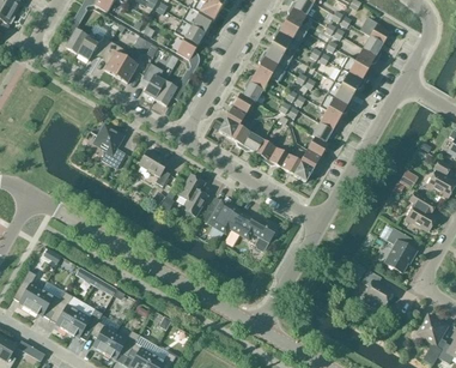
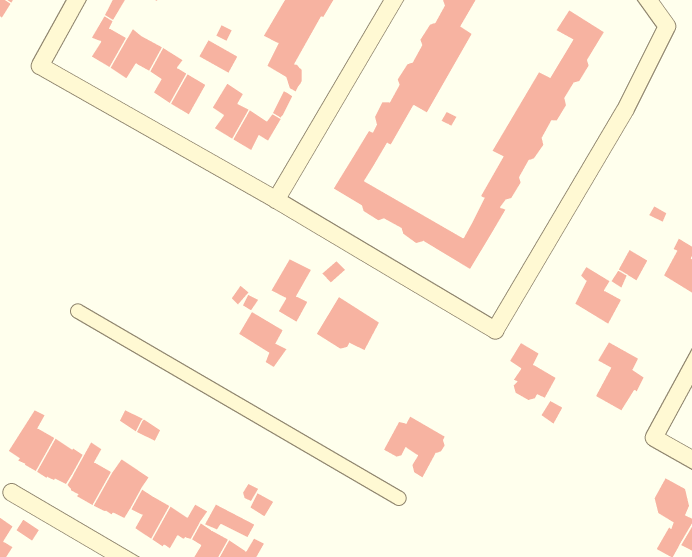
building: [93,123,124,168] -> none
building: [139,149,170,185] -> [238,311,287,368]
building: [406,193,436,230] -> [575,266,622,325]
building: [238,211,278,251] -> [383,416,446,478]
building: [361,269,391,306] -> [509,342,556,401]

